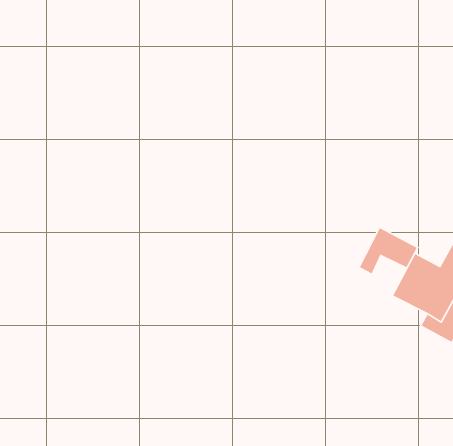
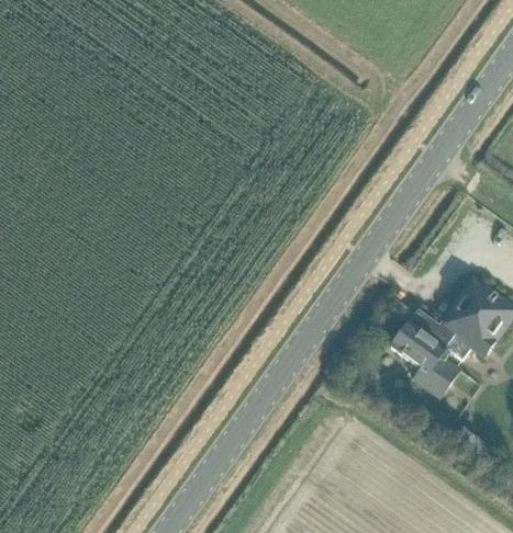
building: [359,227,418,275] -> none

